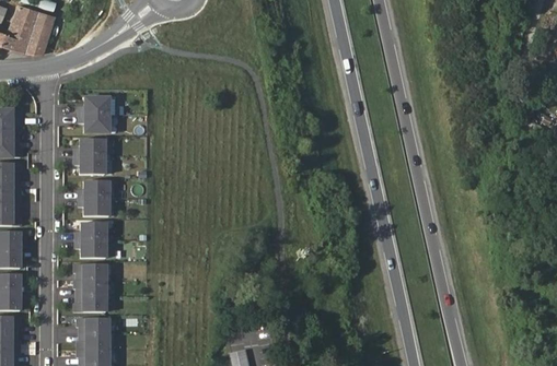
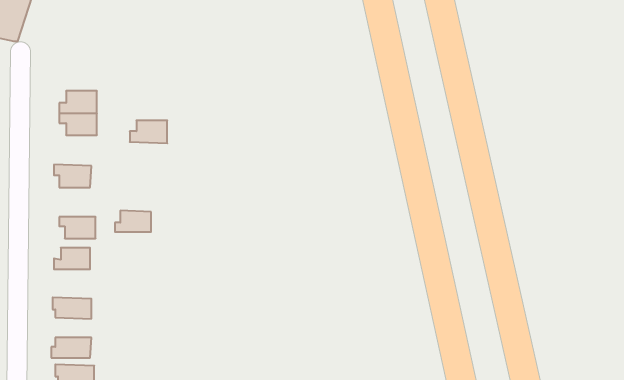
building: [73,138,104,156] -> [130,120,167,143]
building: [78,180,107,198] -> [115,211,151,232]
building: [73,240,103,257] -> none
building: [71,280,104,296] -> none

